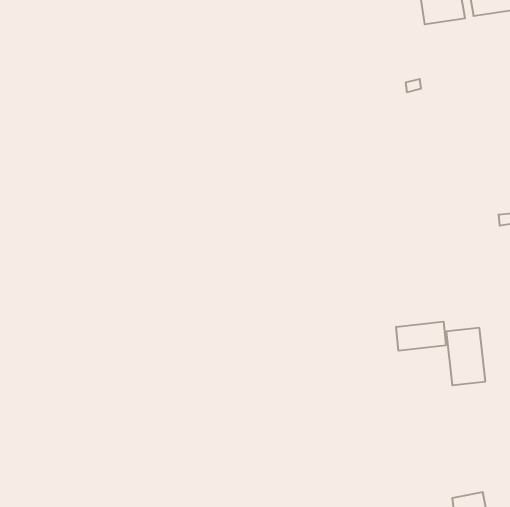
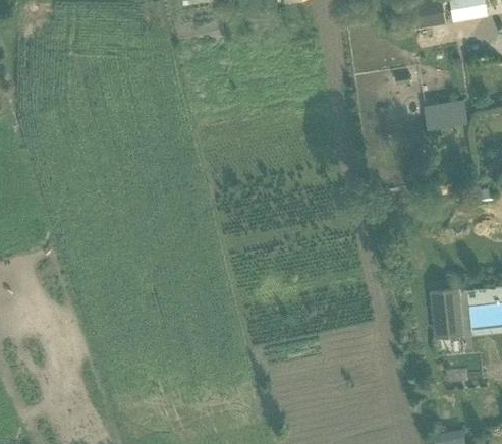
building: none -> [424,101,468,129]
building: [396,322,446,351] -> none

